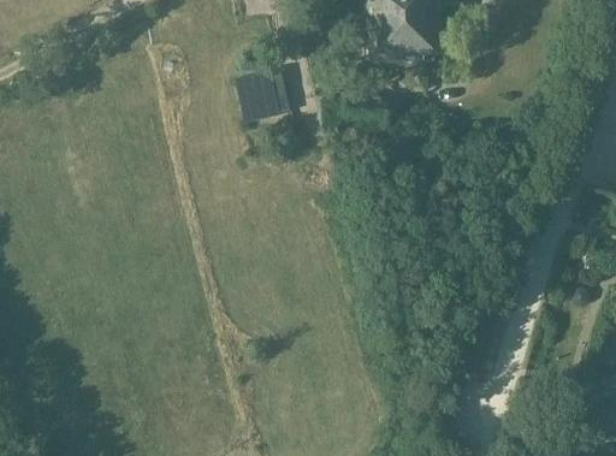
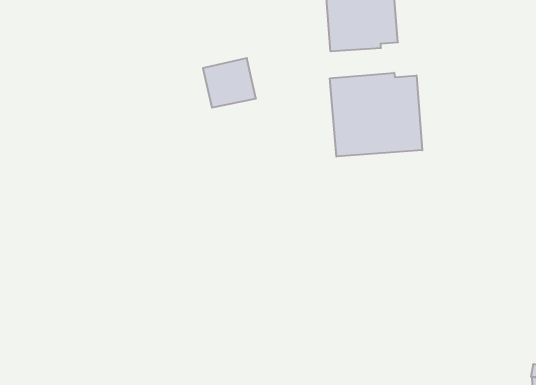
building: none -> [330,73,422,157]

